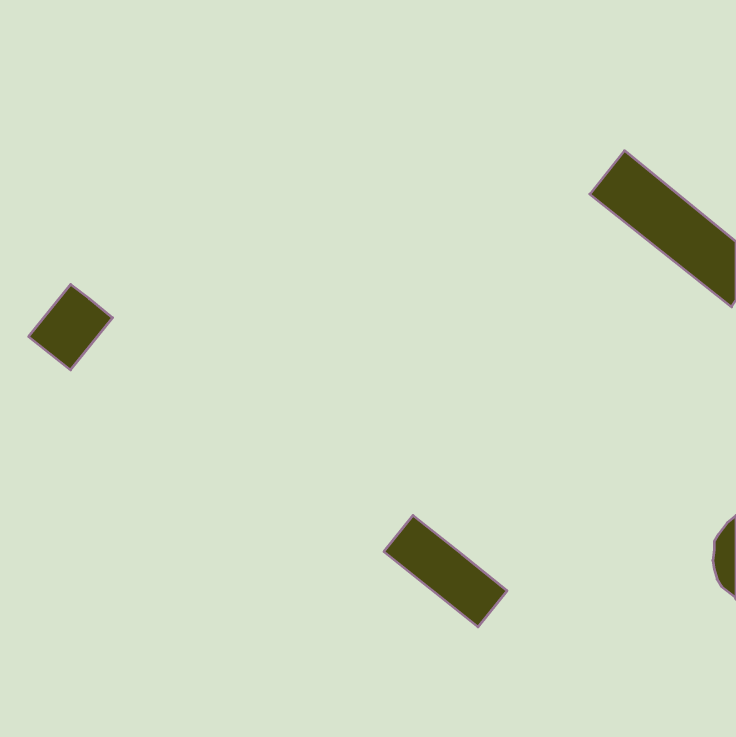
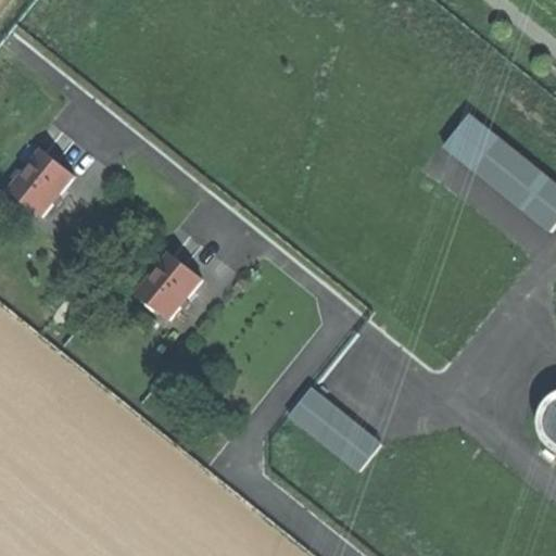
building: [29,284,113,370] -> [9,150,72,214]
building: none -> [137,253,201,317]

